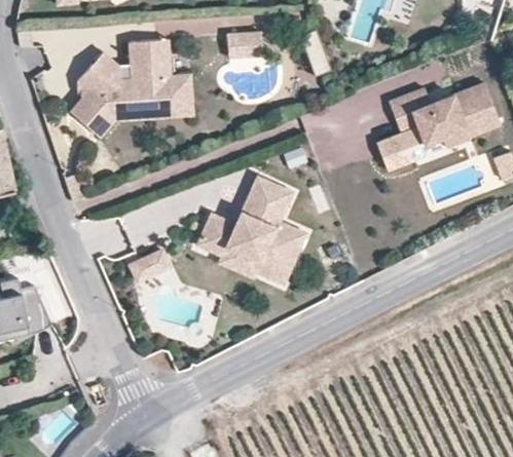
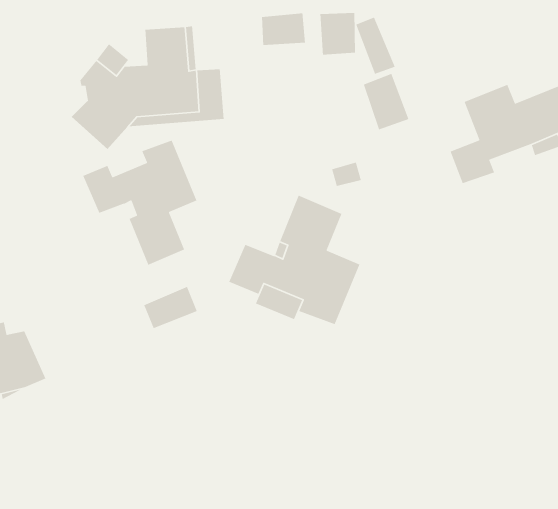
building: none -> [320,12,356,55]
building: none -> [363,73,409,130]
building: none -> [82,139,198,266]

